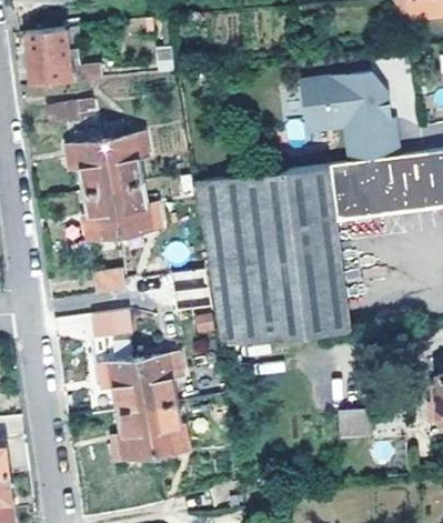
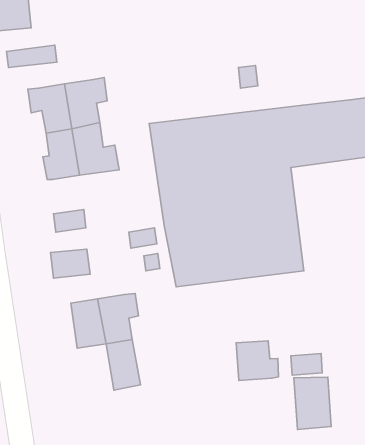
building: [305,73,400,161] -> none
building: none -> [236,341,278,380]
building: [112,408,155,461] -> none
building: none -> [294,377,331,429]

